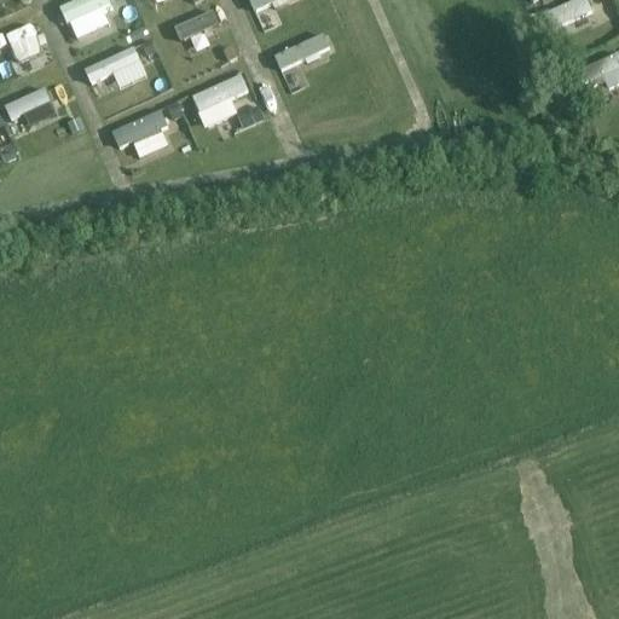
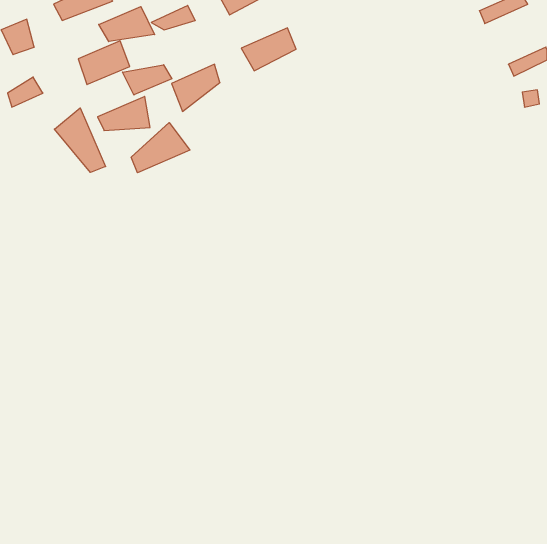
building: none -> [99,7,155,42]
building: none -> [123,65,172,95]
building: none -> [54,108,106,172]
building: none -> [131,123,190,173]

